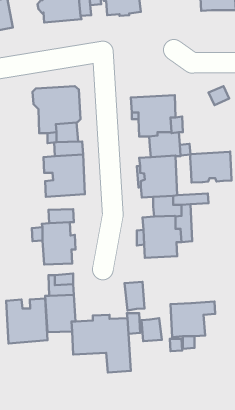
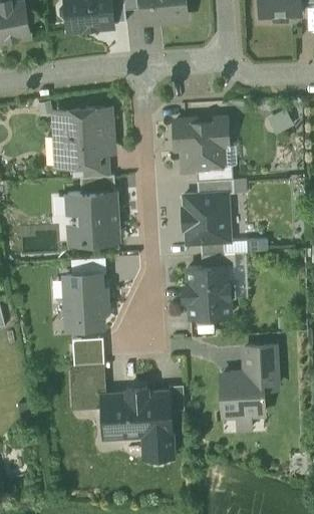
building: [190,152,231,183] -> none
building: none -> [246,344,275,372]
building: [125,282,145,311] -> none
building: [6,298,48,343] -> none
building: [142,318,162,341] -> none

